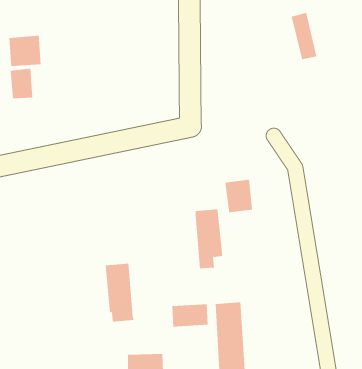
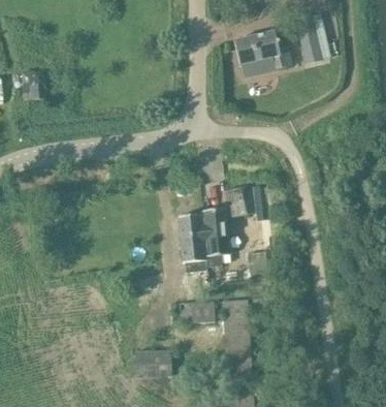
building: none -> [234,32,292,69]
building: [9,35,41,67] -> none
building: [105,263,134,322] -> [179,215,207,273]

